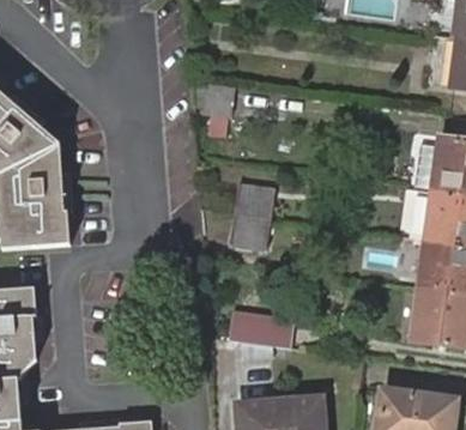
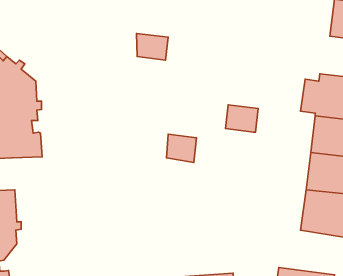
building: [236,183,279,219] -> [225,105,258,132]
building: [228,309,292,347] -> none

